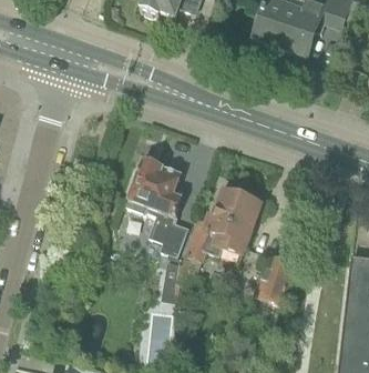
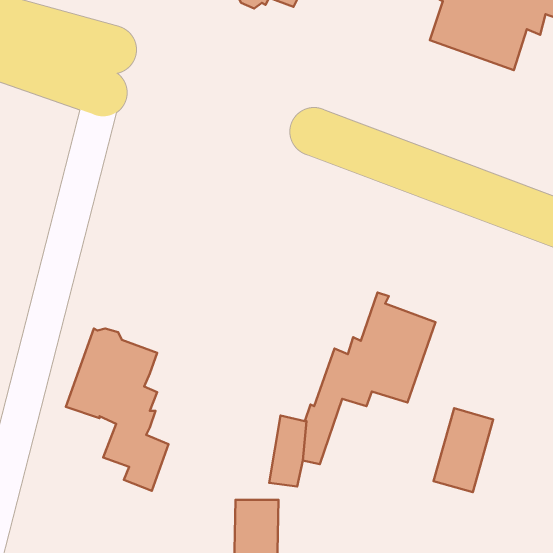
building: [127,160,188,256] -> [66,329,169,491]

